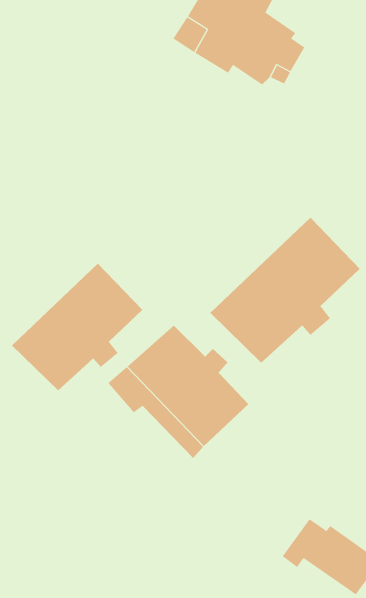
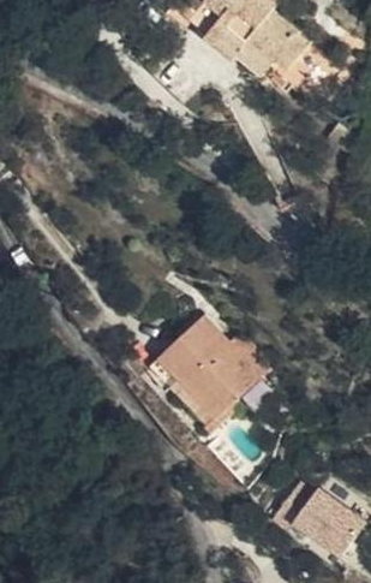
building: [209,217,360,363] -> none
building: [11,263,143,391] -> none

